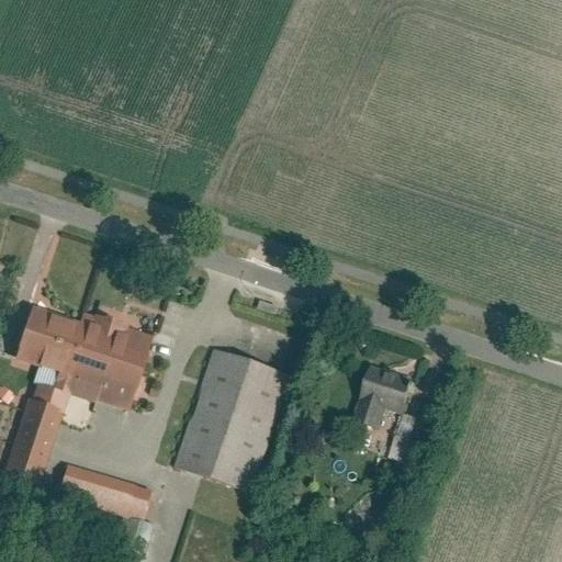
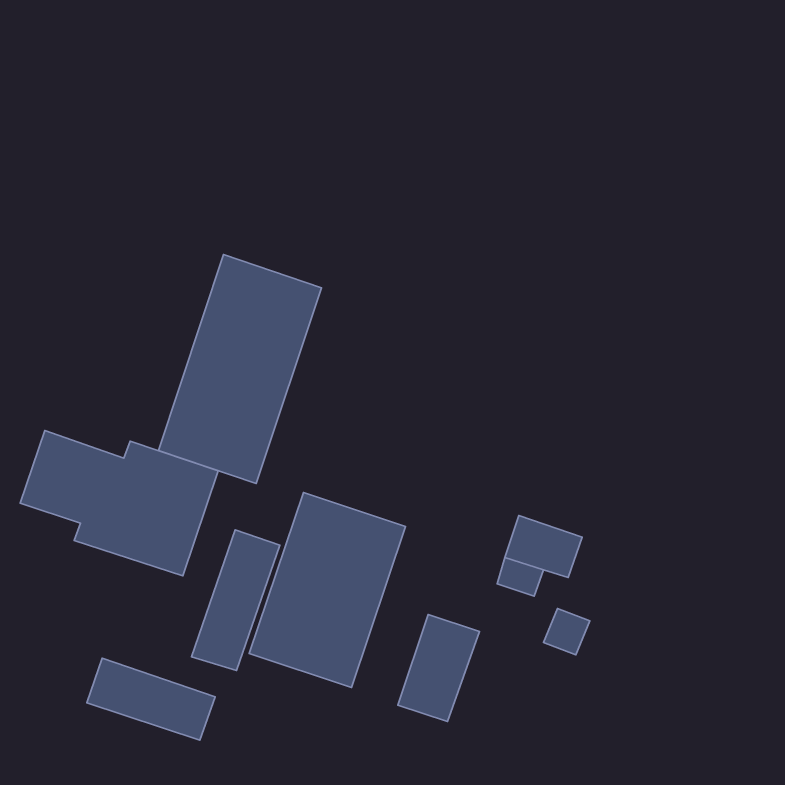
building: none -> [158,255,322,483]
building: [5,381,68,481] -> [192,530,280,671]
building: none -> [398,614,479,721]

